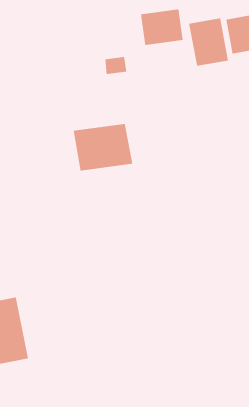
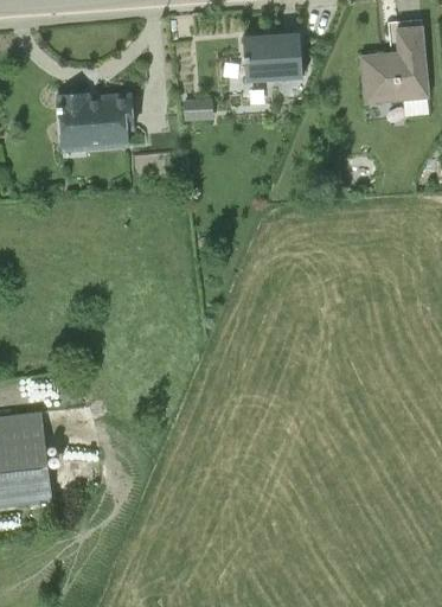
building: [189,17,229,67] -> none
building: [73,123,133,171] -> [57,91,136,152]

